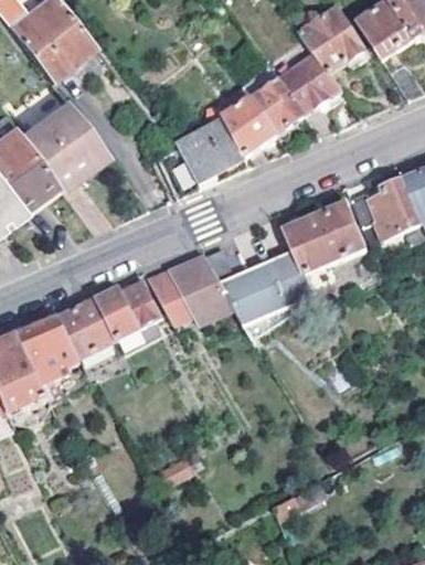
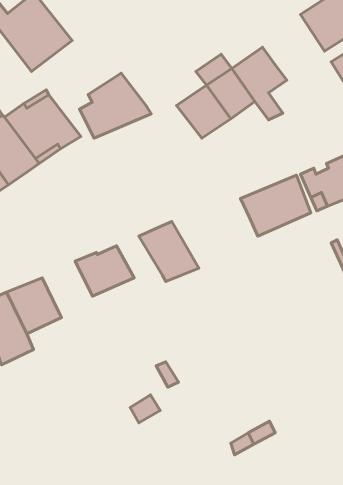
building: [298,7,366,74] -> none
building: [167,120,248,194] -> [80,73,151,138]
building: [209,245,318,323] -> none
building: [152,269,198,322] -> none
building: [60,298,118,355] -> none

